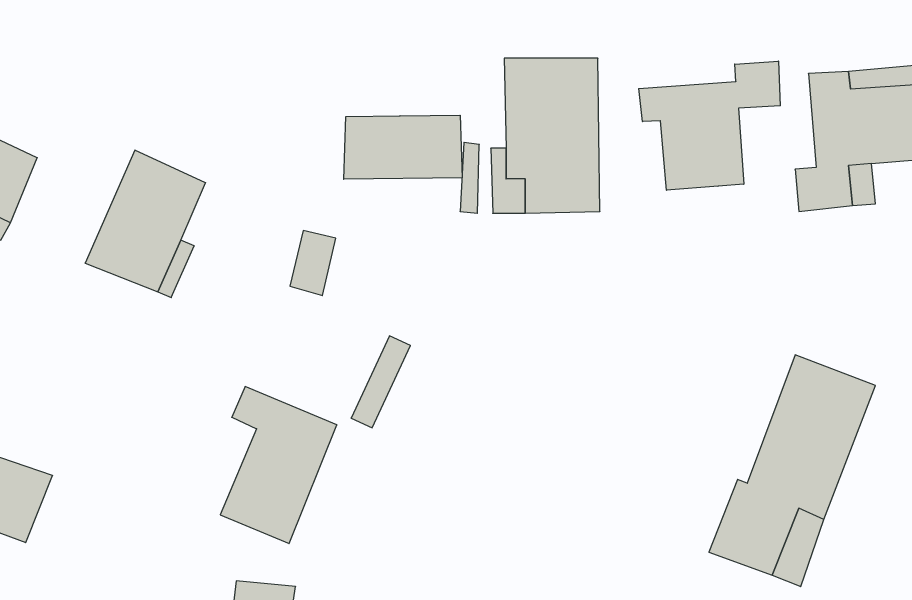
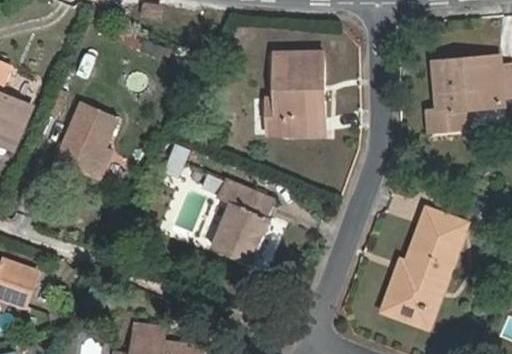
building: [639,61,780,190] -> none
building: [344,115,462,179] -> none
building: [220,387,337,544] -> [213,179,274,261]

